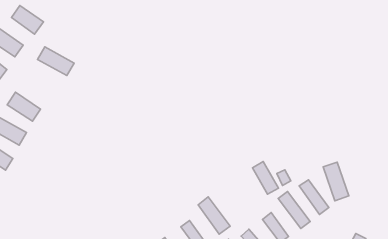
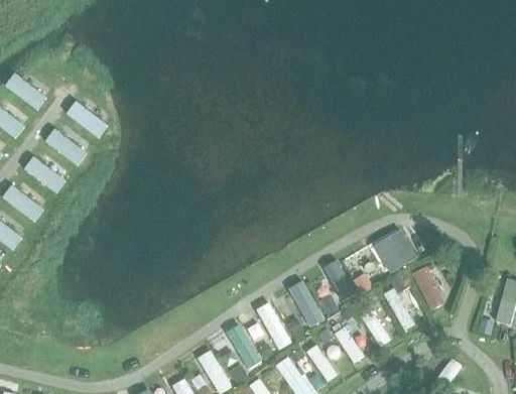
building: [12,6,43,34] -> none
building: none -> [43,127,84,164]
building: none -> [371,232,411,270]
building: none -> [288,278,328,324]

